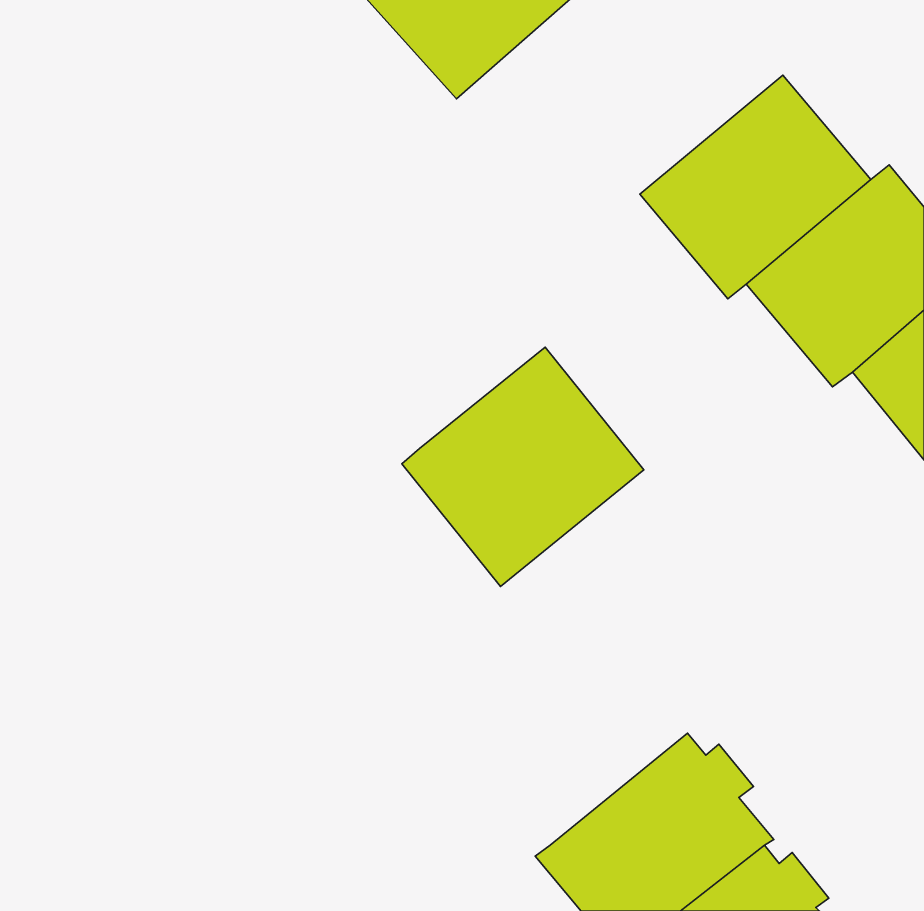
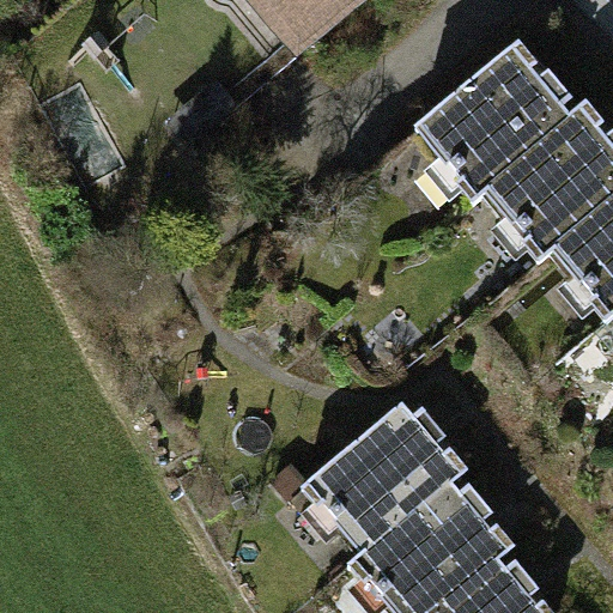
building: [402,347,644,586] -> none
building: none -> [303,403,459,552]

